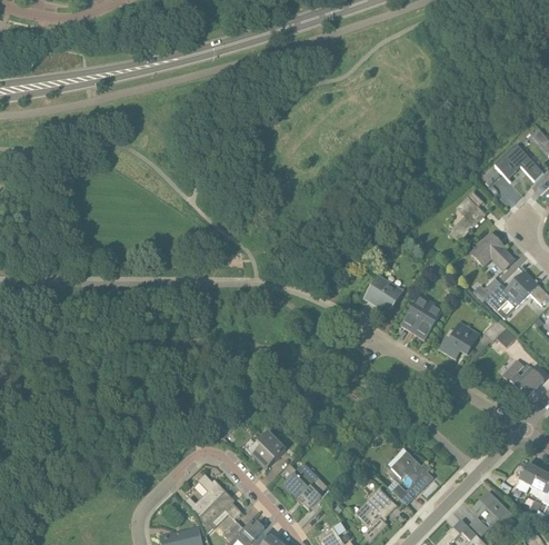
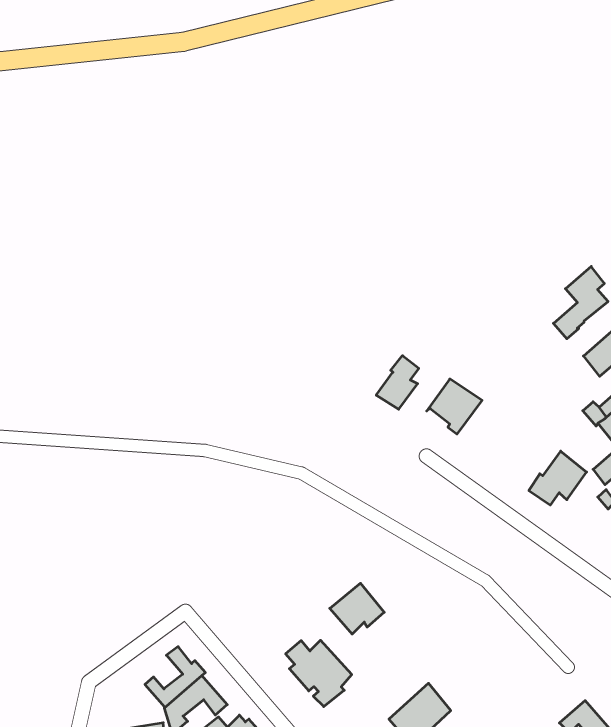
building: none -> [376,356,419,409]
building: [400,296,442,339] -> none
building: [249,430,287,466] -> [330,583,384,634]
building: [391,452,433,504] -> none

